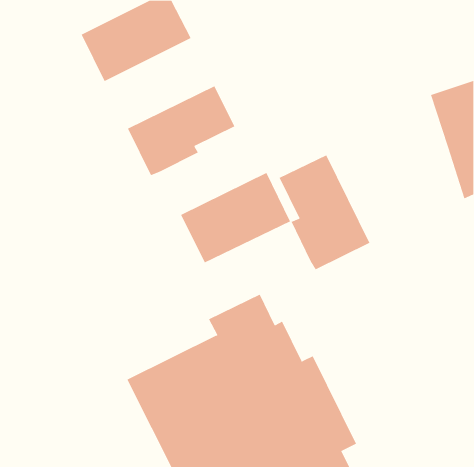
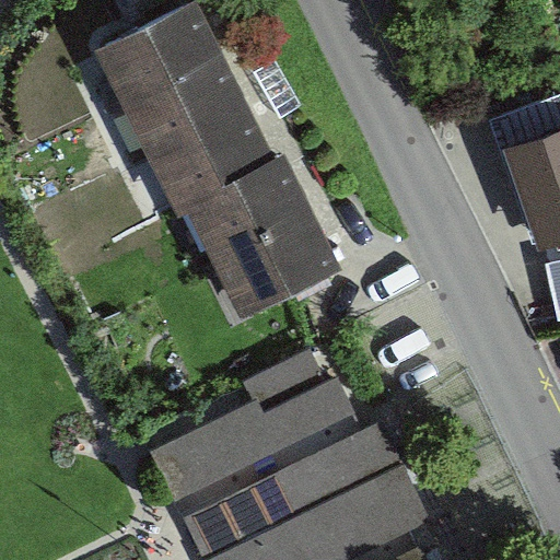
building: none -> [122,55,253,161]
building: none -> [188,155,314,262]
building: [279,154,370,270] -> none

